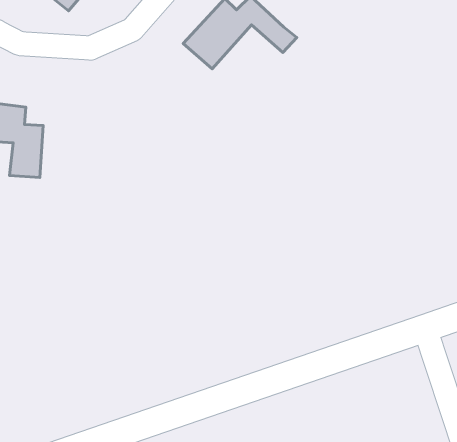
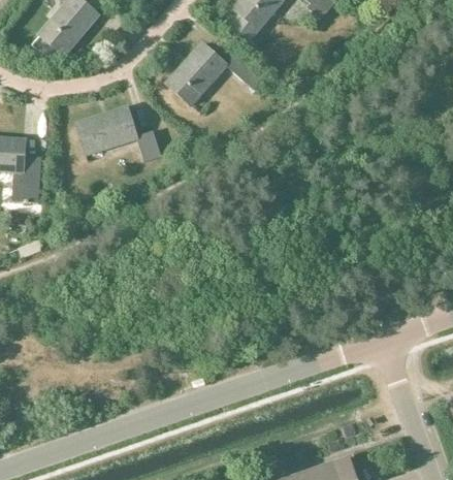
building: none -> [75,106,161,161]

